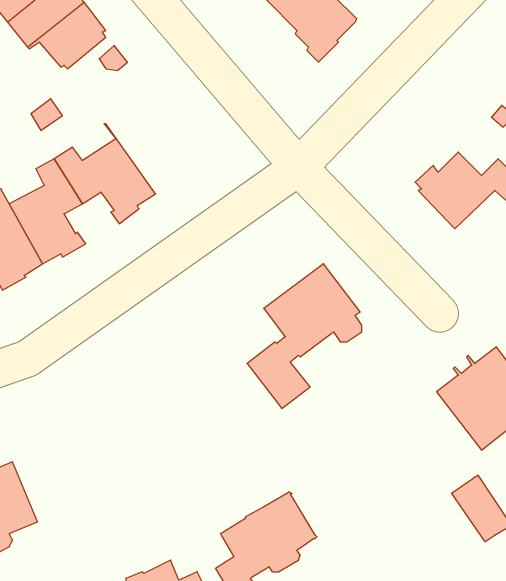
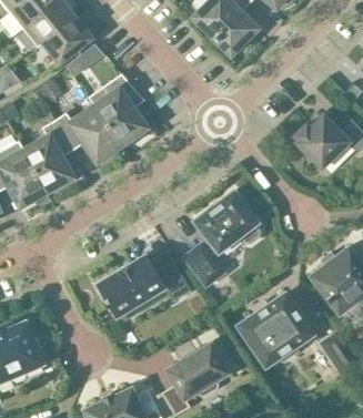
building: none -> [88,74,148,144]
building: none -> [97,256,191,320]
building: none -> [238,293,313,367]

